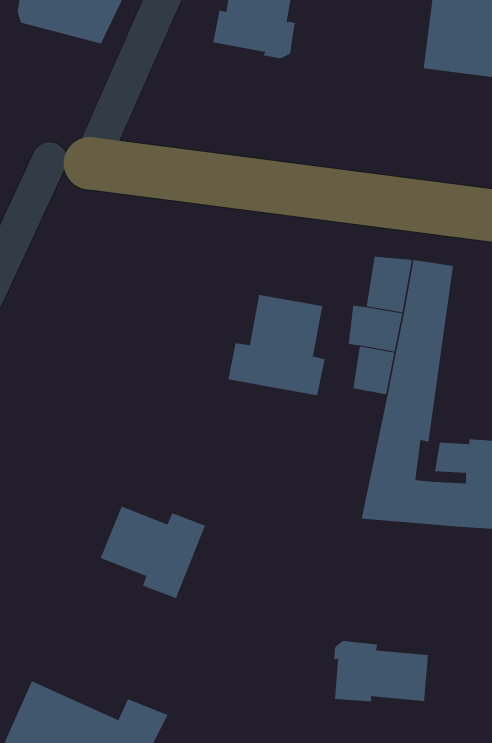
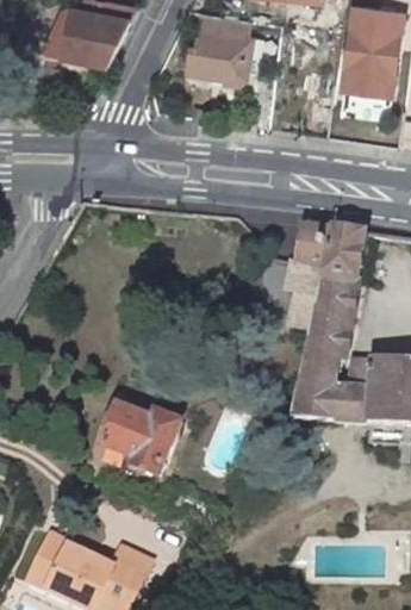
building: [228,294,325,396] -> none
building: [334,640,428,702] -> none

